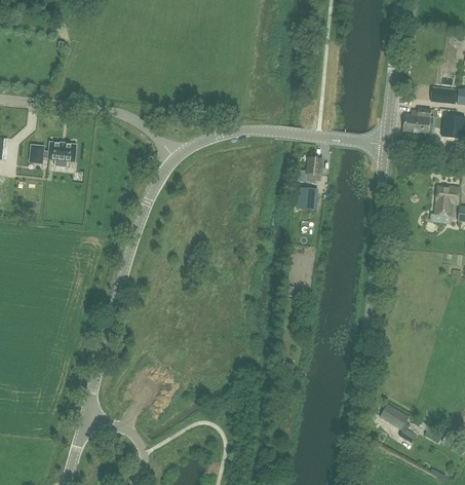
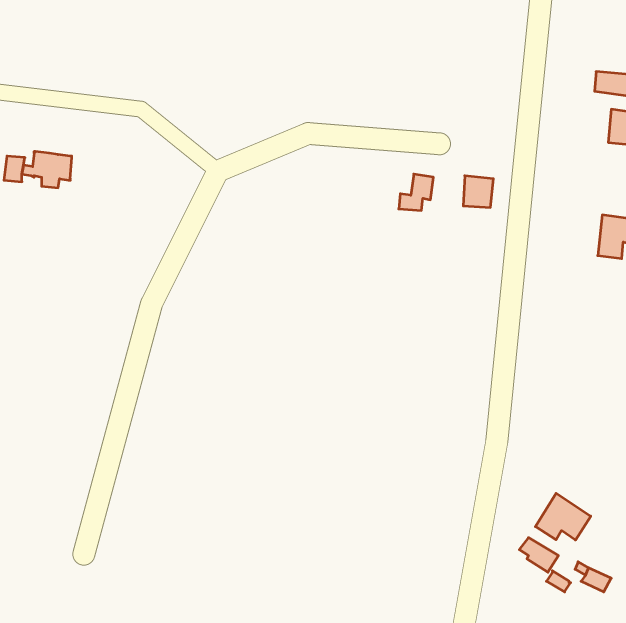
building: [403,107,433,135] -> none
building: [296,186,316,208] -> [463,176,493,207]
building: none -> [535,493,591,540]

